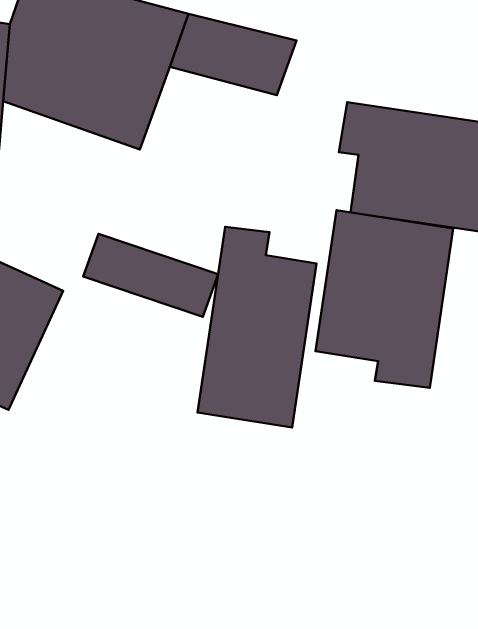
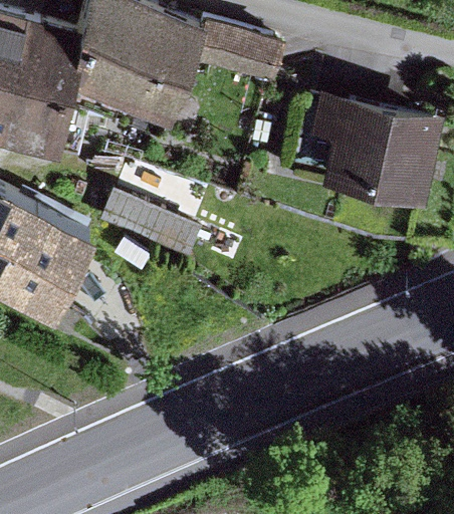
building: [315,210,453,388] -> none
building: [198,227,316,427] -> none

